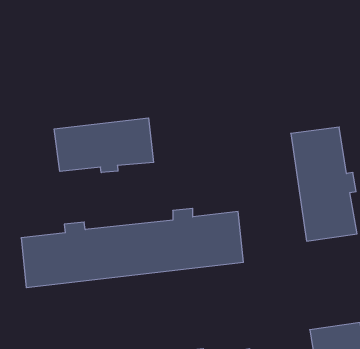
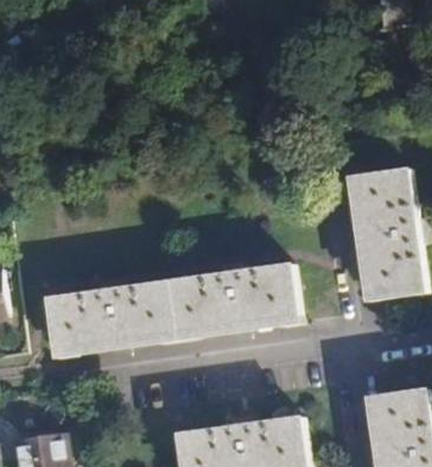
building: [54,118,154,173] -> none

